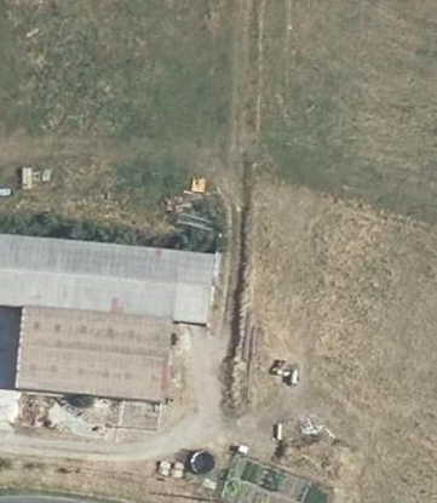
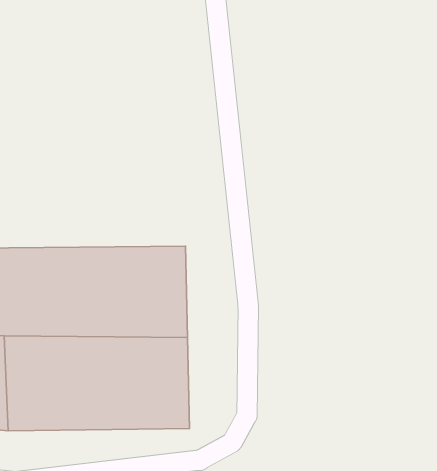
building: [178,258,214,338] -> none

